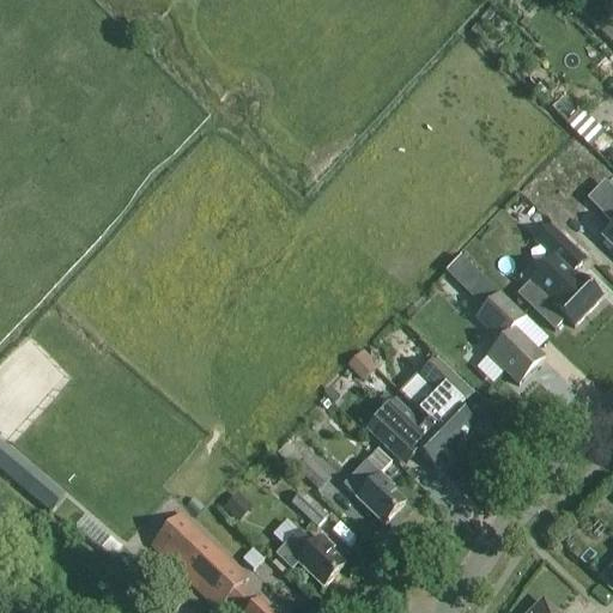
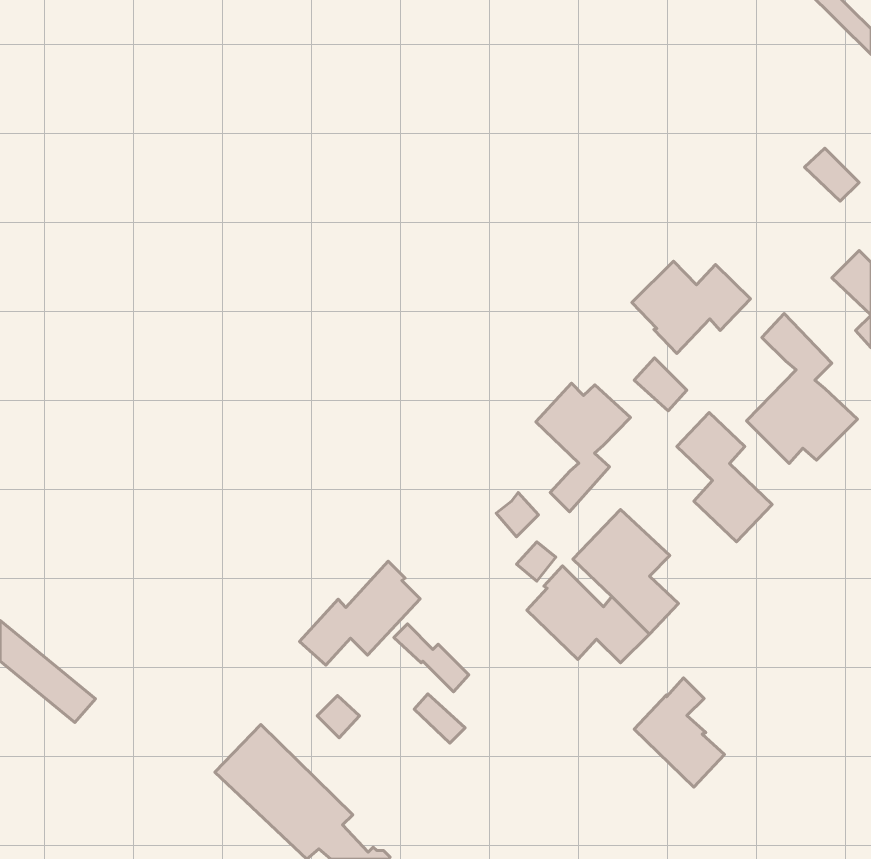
building: none -> [632,261,751,353]
building: none -> [536,383,630,512]
building: none -> [300,561,420,665]
building: [341,444,405,521] -> [634,678,724,787]
building: [275,526,345,583] -> none

